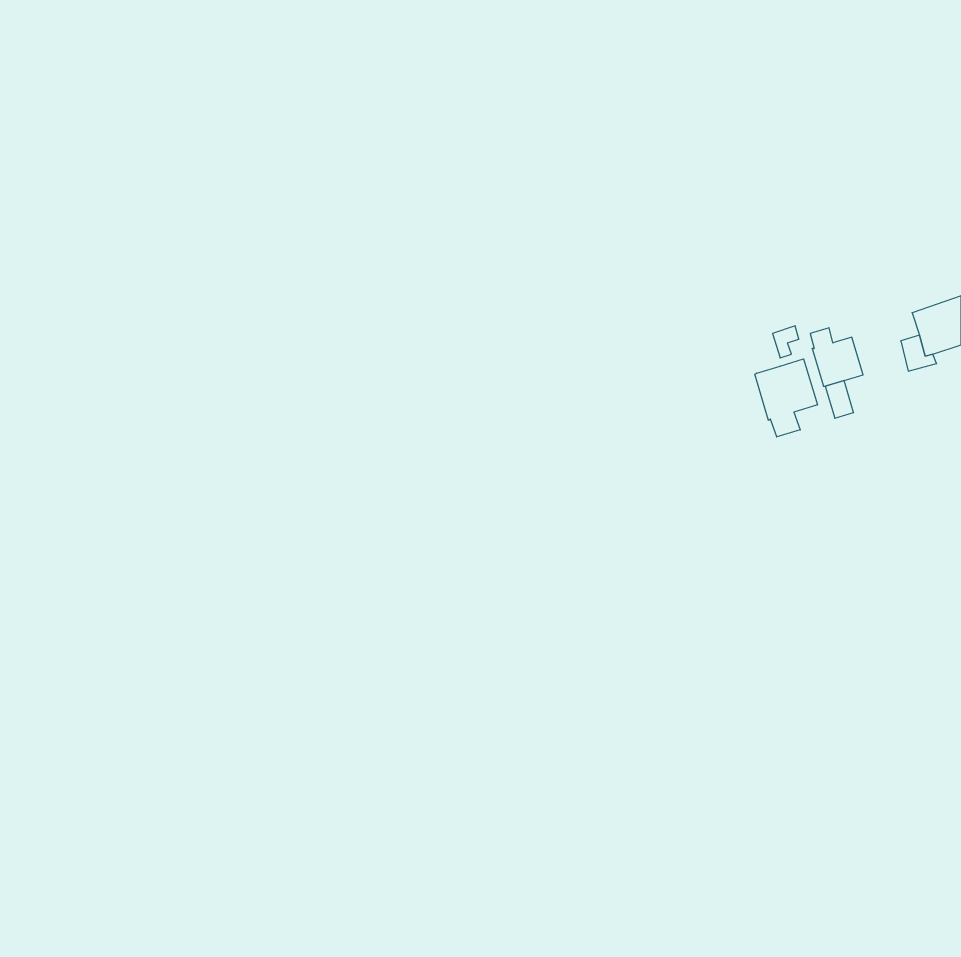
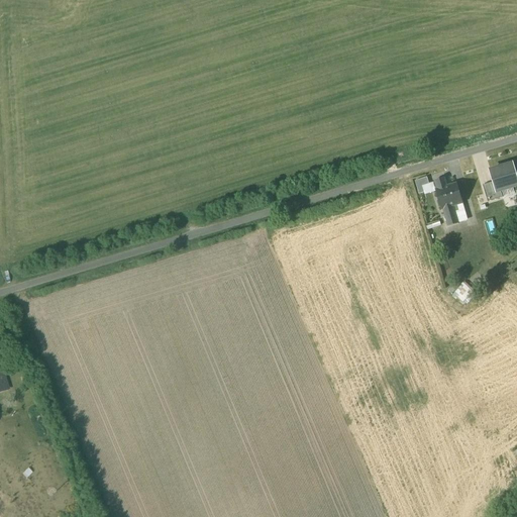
building: [755,359,817,437] -> none

